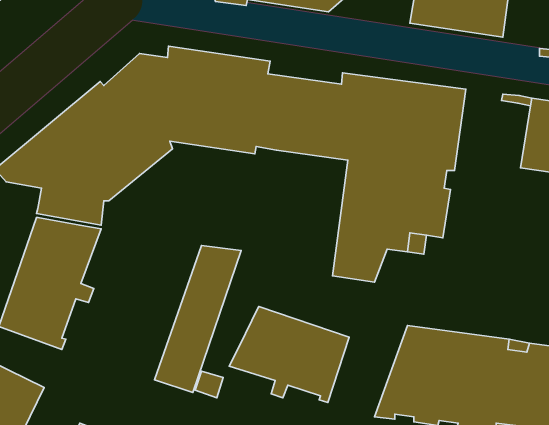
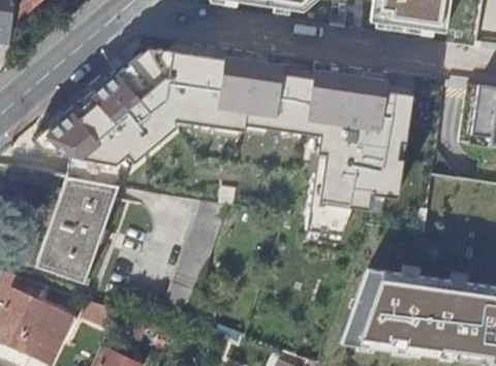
building: [229,307,349,402] -> none

